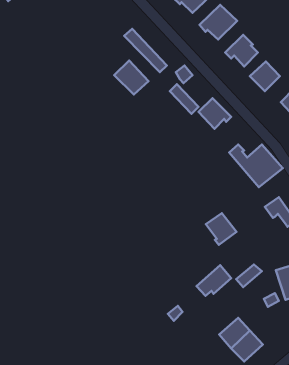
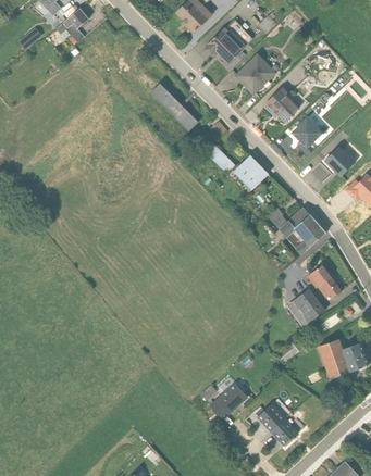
building: [114,61,149,94] -> none
building: [206,213,237,245] -> [292,289,325,324]
building: [197,265,231,296] -> [210,383,248,416]

